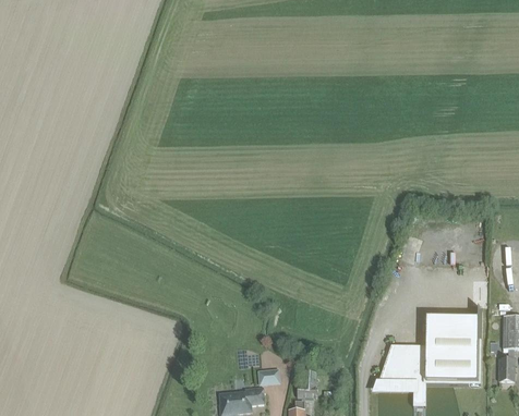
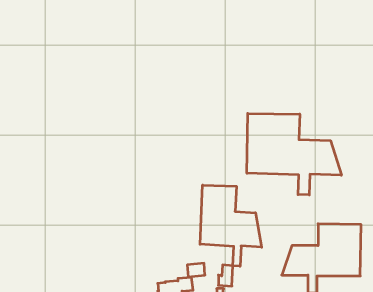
building: none -> [247,113,341,195]
building: none -> [200,185,262,266]

